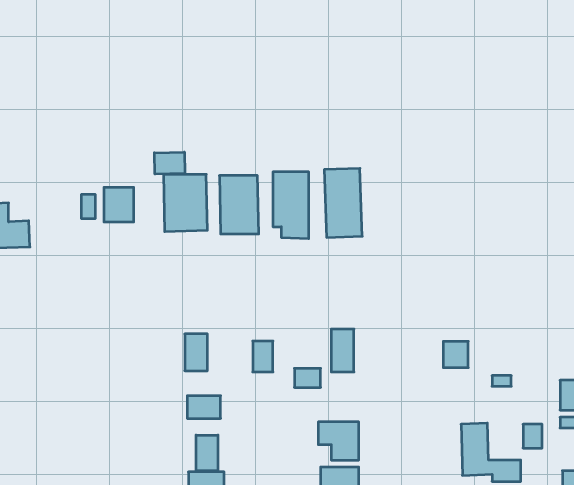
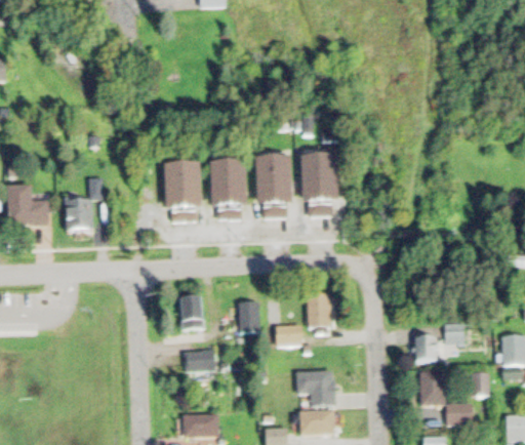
building: [154,152,185,174] -> none
building: [104,187,134,222] -> [67,199,92,229]
building: [443,341,468,368] -> [415,339,437,362]
building: [196,435,218,471] -> none

